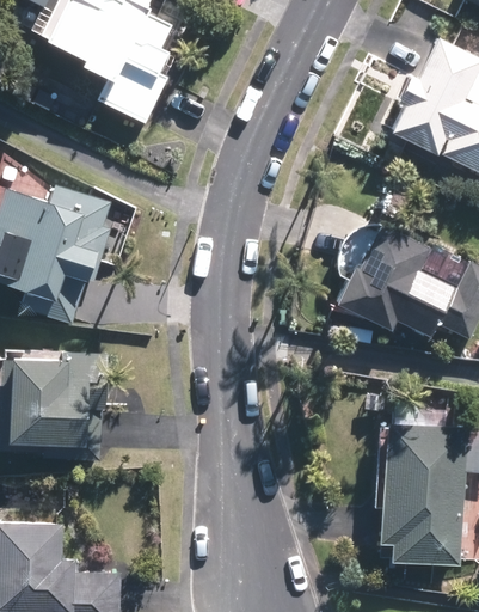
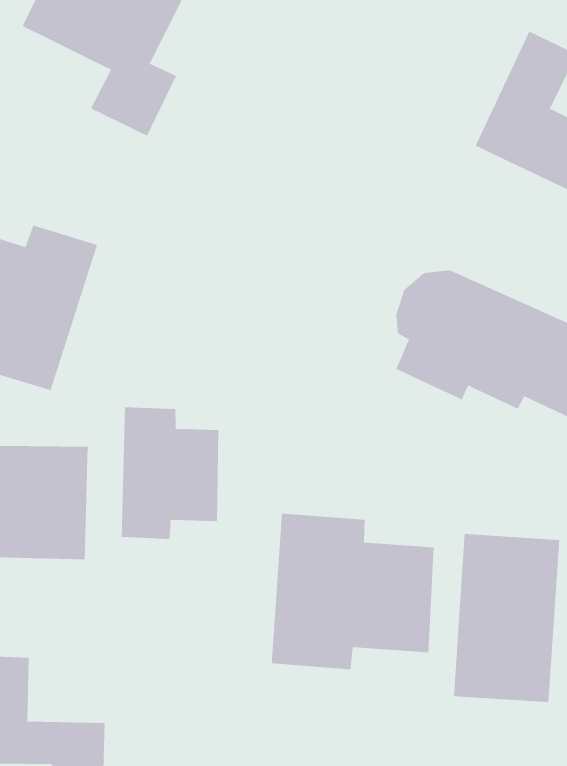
building: none -> [121,407,219,540]
building: none -> [271,513,434,670]

